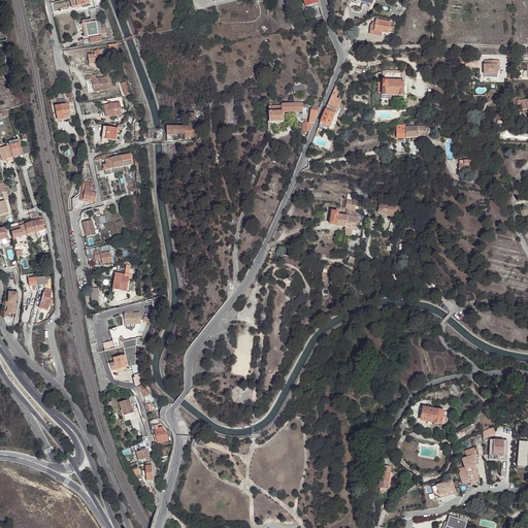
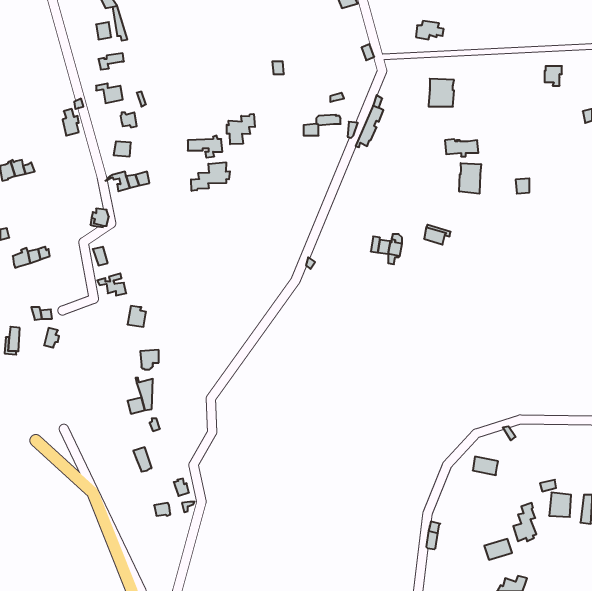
building: none -> [227,114,255,144]
building: none -> [191,162,230,191]
building: none -> [459,163,481,194]

